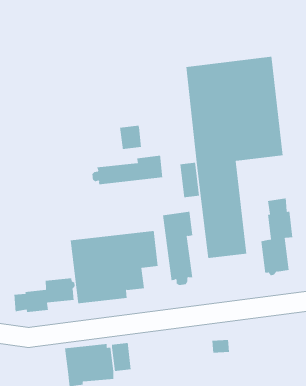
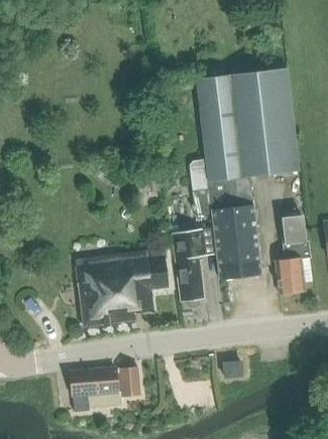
building: [120,125,142,150] -> none
building: [92,155,163,185] -> none
building: [14,277,75,313] -> none

